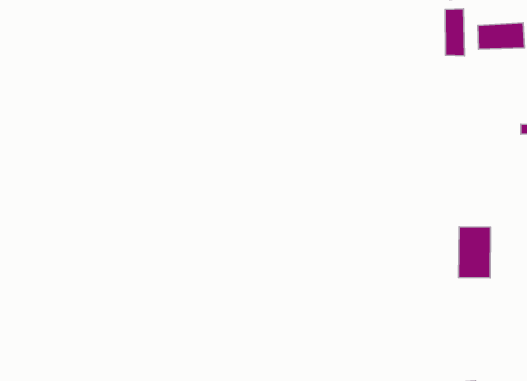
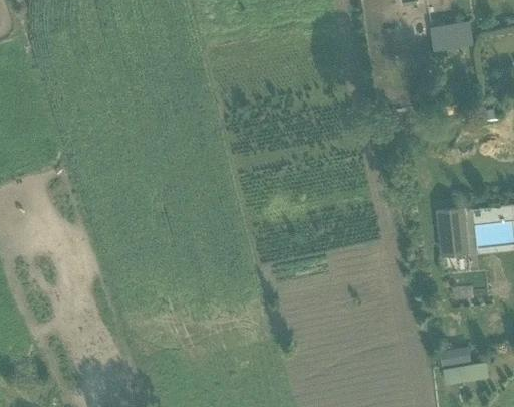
building: [445,9,465,56] -> none

